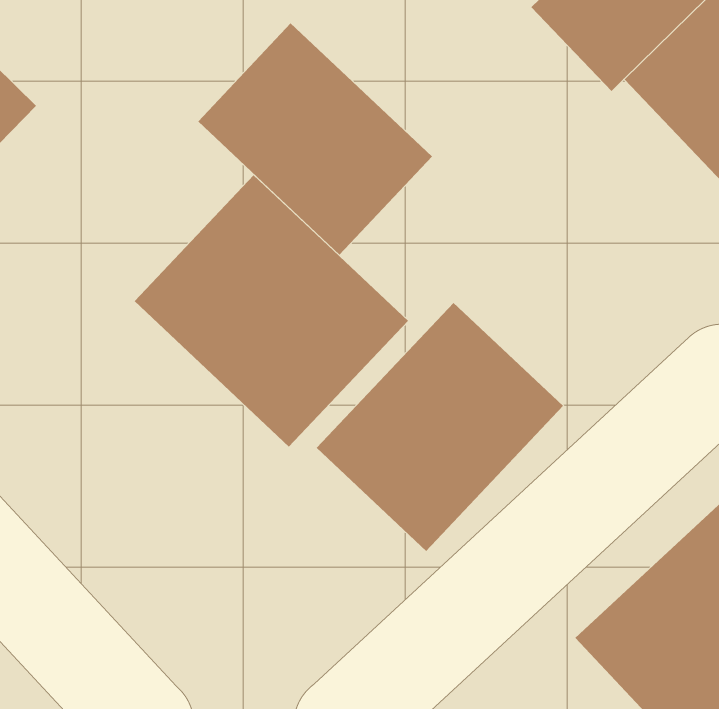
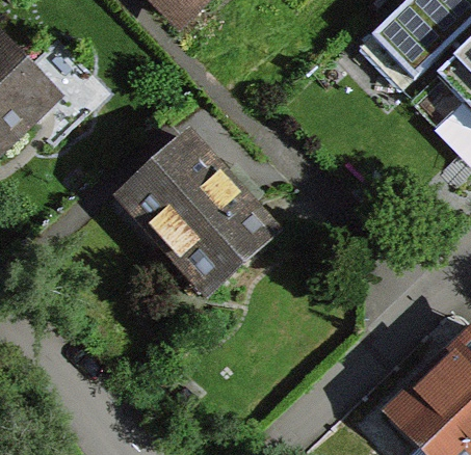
building: [197,23,433,256] -> none
building: [316,302,564,552] -> none

